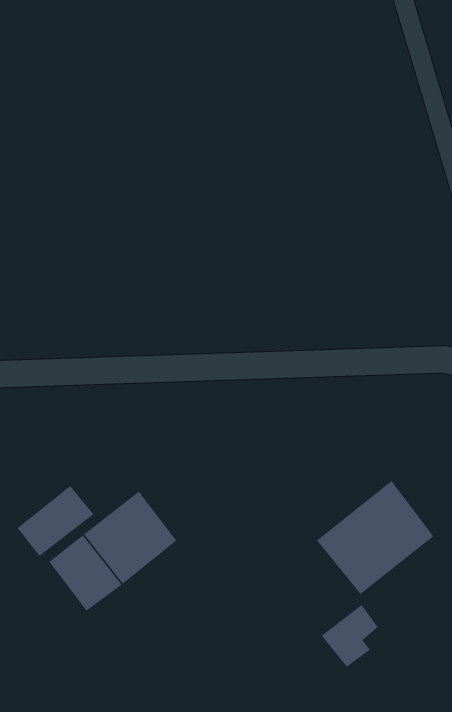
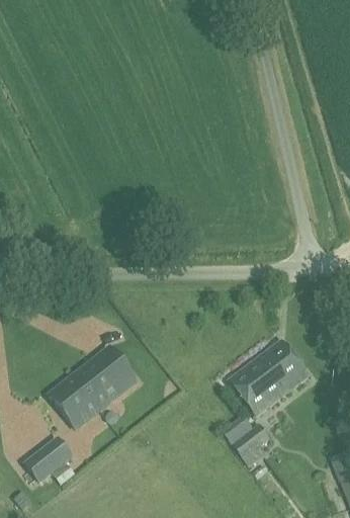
building: [17,485,94,557] -> none
building: none -> [24,436,71,480]

